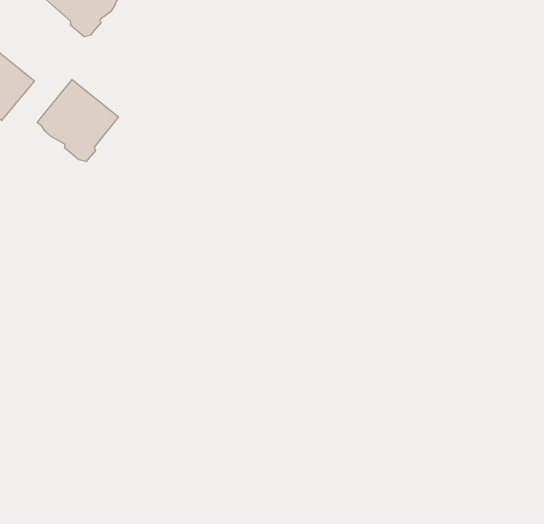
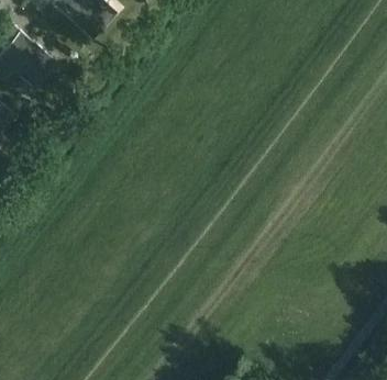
building: [37,80,118,162] -> none

